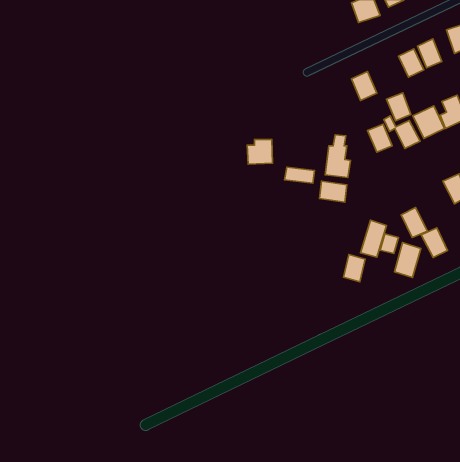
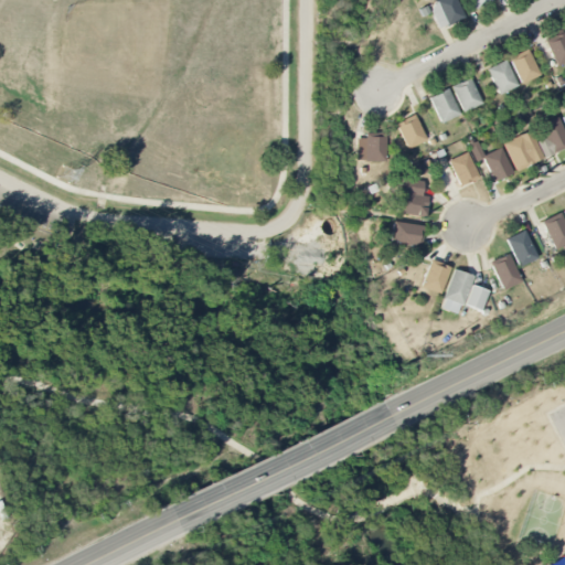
building: [386,93,411,121] -> [454,77,483,111]
building: none -> [398,114,429,148]
building: [247,140,273,164] -> [358,131,388,161]
building: [284,167,314,183] -> none
building: [421,228,448,258] -> [508,230,540,266]
building: [395,243,421,278] -> none
building: [343,255,365,282] -> [425,259,451,292]

